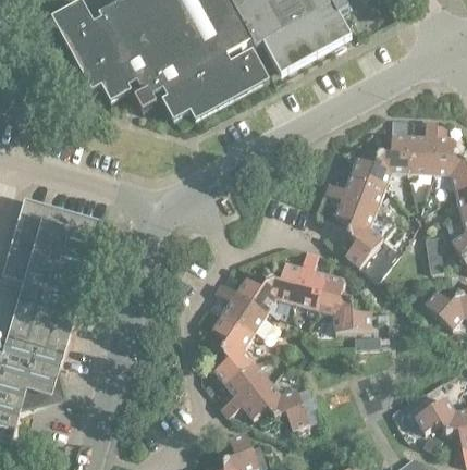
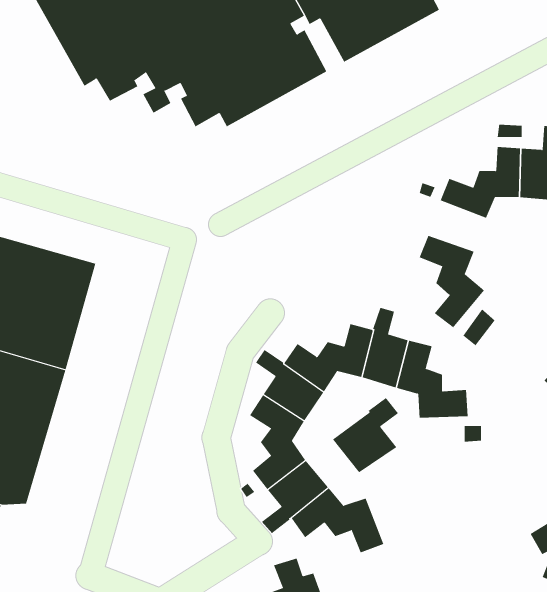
building: [324,174,383,211] -> none
building: none -> [332,397,399,473]

